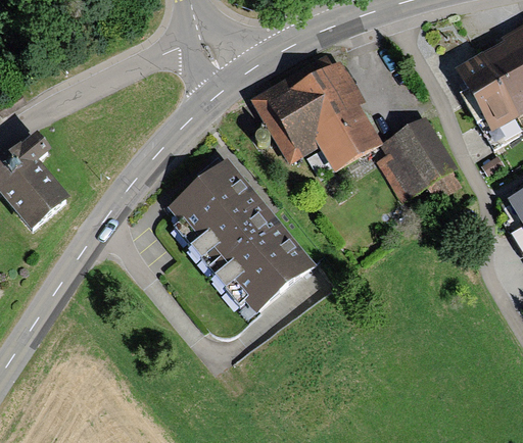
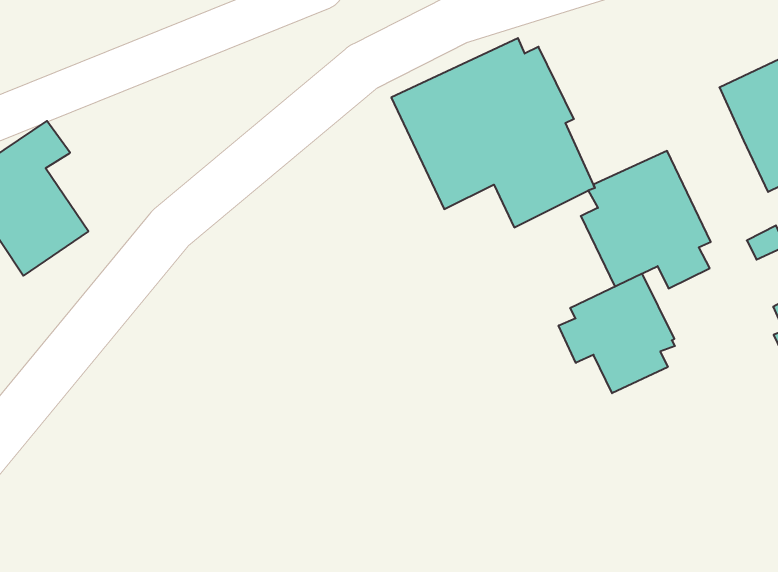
building: [170,159,316,314] -> none
building: none -> [559,274,675,393]

